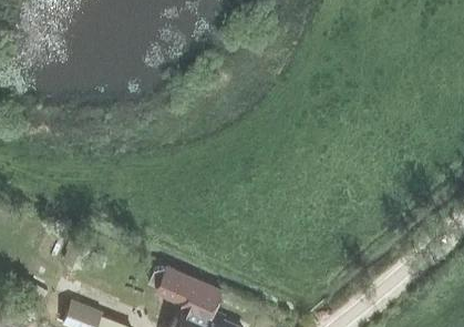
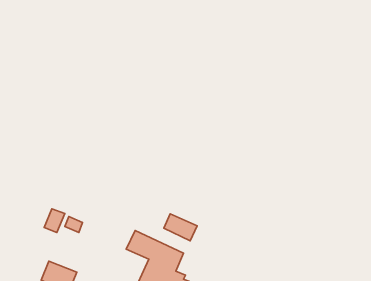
building: none -> [164,214,197,241]

